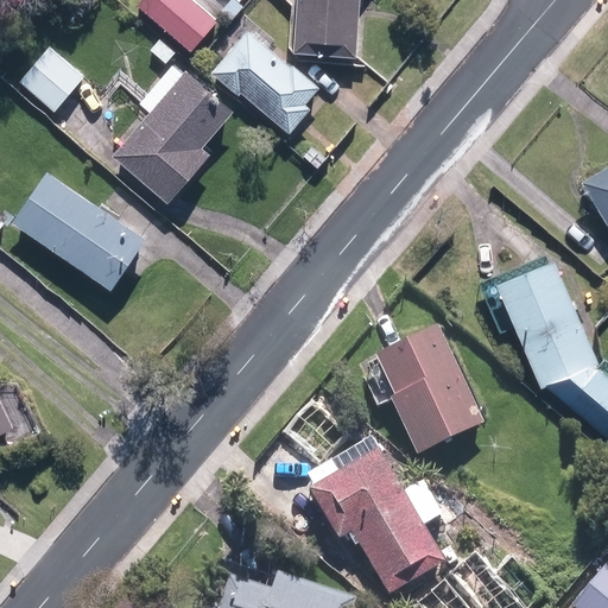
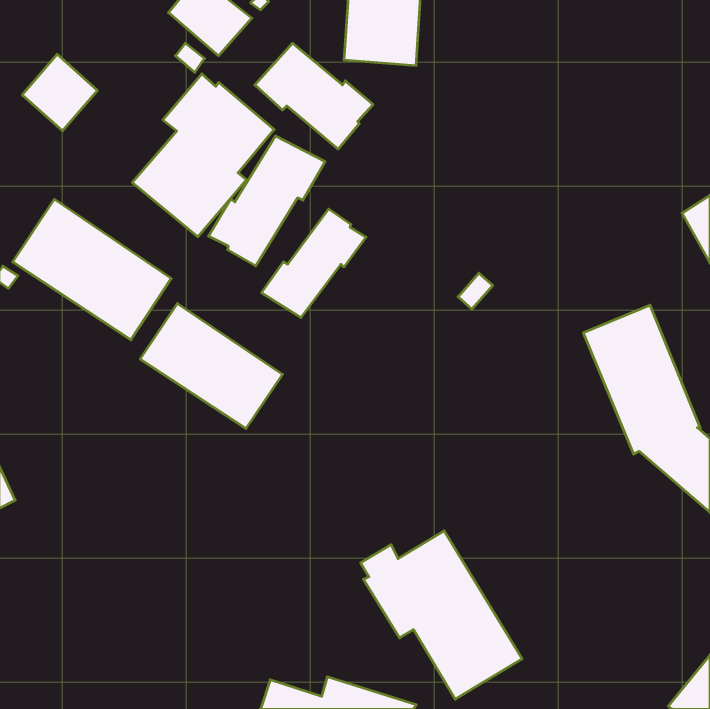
building: none -> [208,136,325,266]
building: none -> [262,209,366,318]
building: none -> [140,303,283,429]
building: [378,334,482,458] -> none

